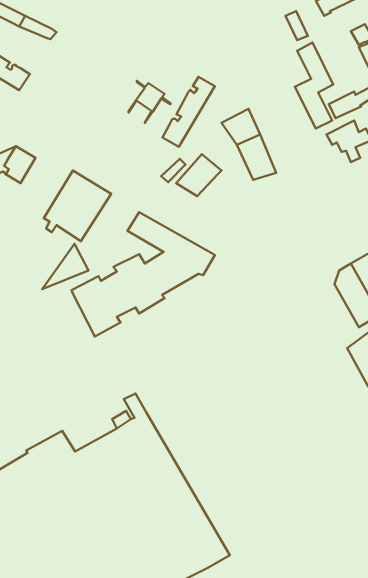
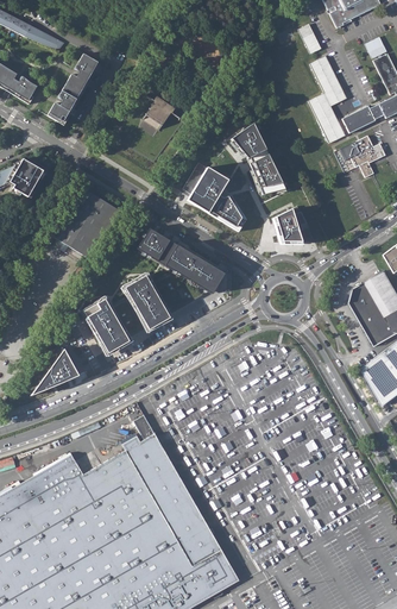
building: [162,77,215,147] -> [46,55,100,126]
building: none -> [208,189,250,231]
building: none -> [273,208,310,241]
building: [42,244,89,289] -> [32,347,80,394]

